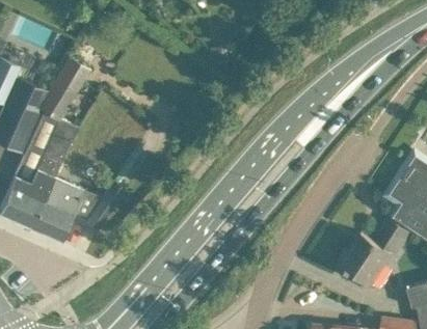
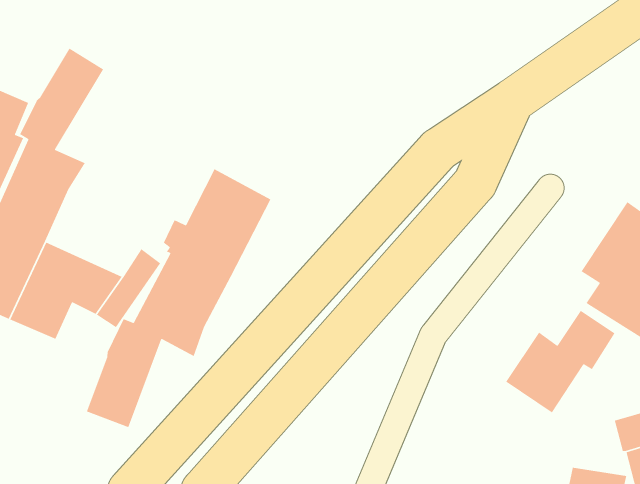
building: none -> [86,168,271,428]

